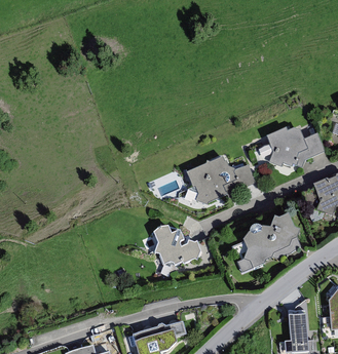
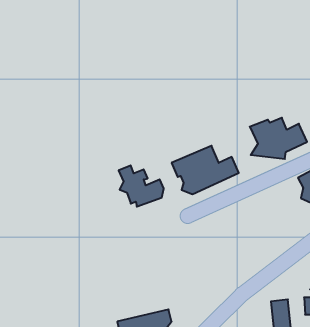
building: [237,217,301,268] -> none
building: [153,226,199,268] -> [119,165,164,207]

